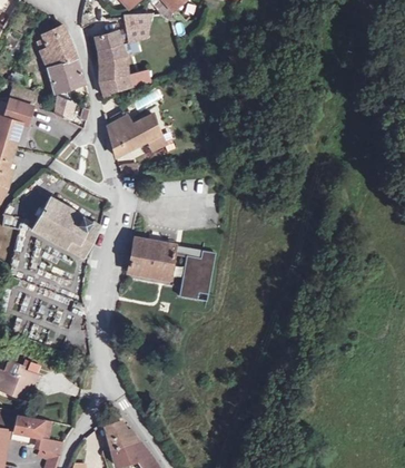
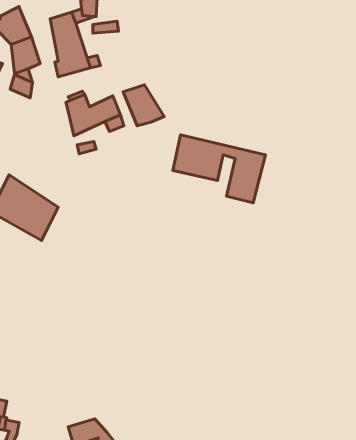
building: none -> [123,85,164,126]
building: [125,233,217,301] -> [173,135,265,203]
building: [105,425,137,448] -> none

